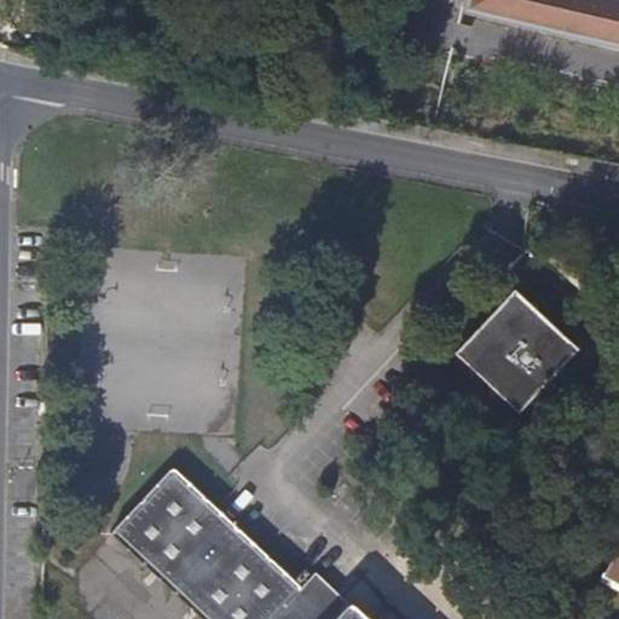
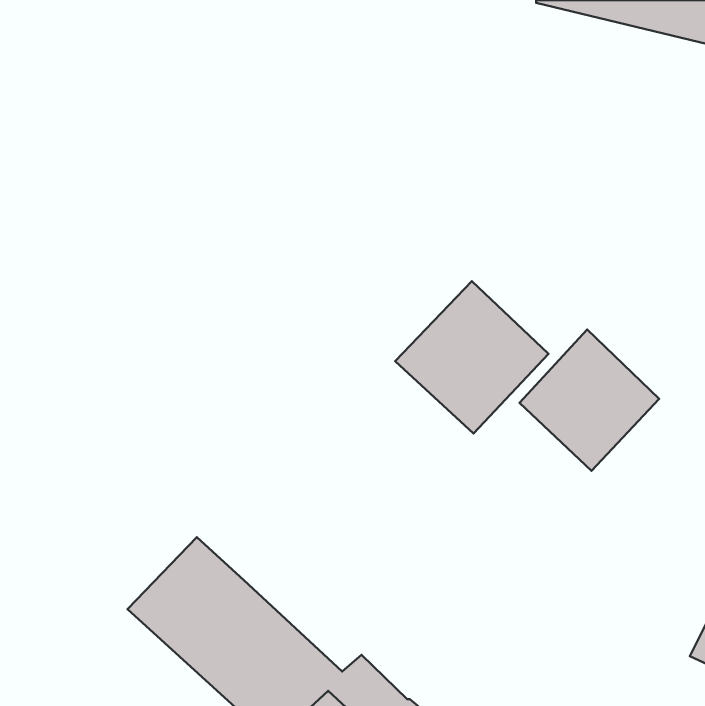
building: none -> [395,281,549,433]

